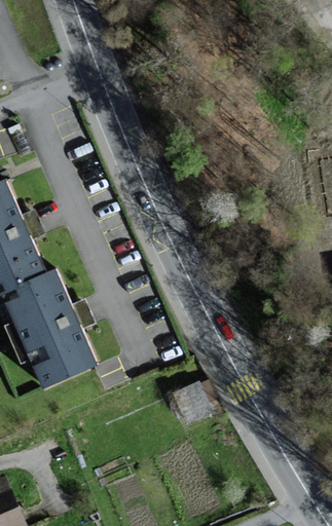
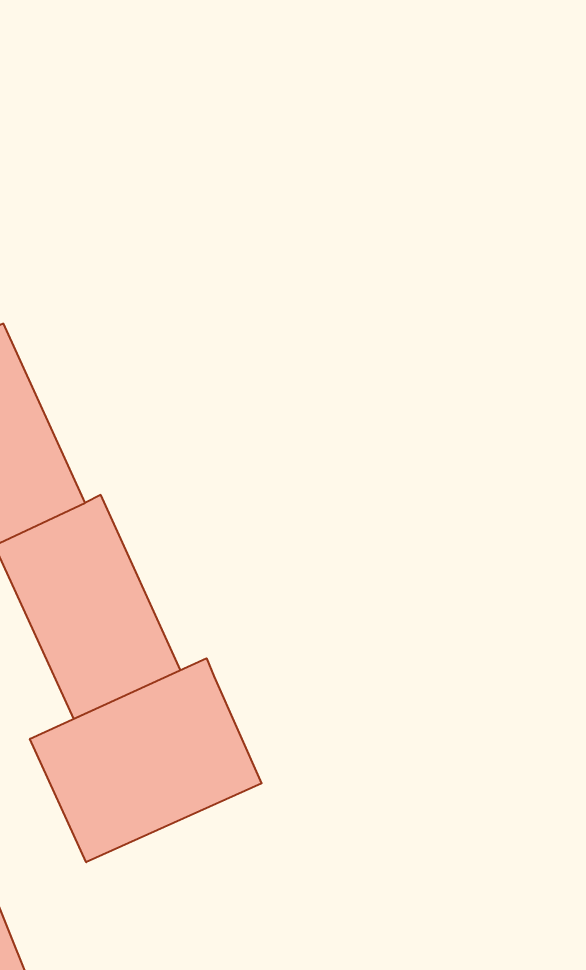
building: none -> [30,658,262,862]

